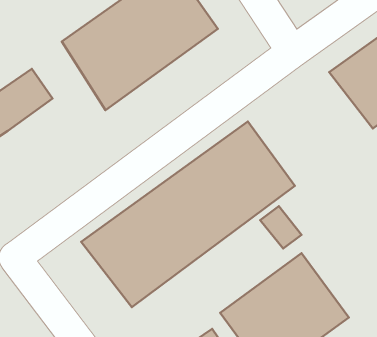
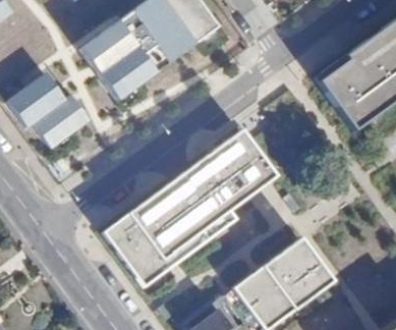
building: none -> [32,93,96,151]

